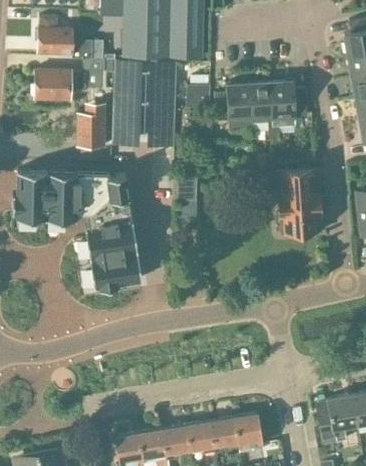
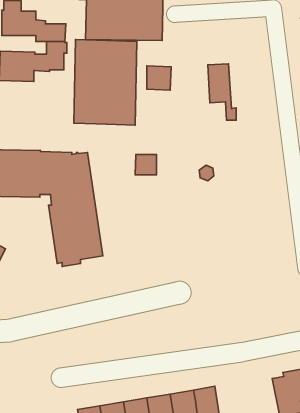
building: [270,82,307,129] -> none
building: [214,84,251,131] -> none
building: [76,115,107,149] -> none
building: [277,170,321,239] -> none

